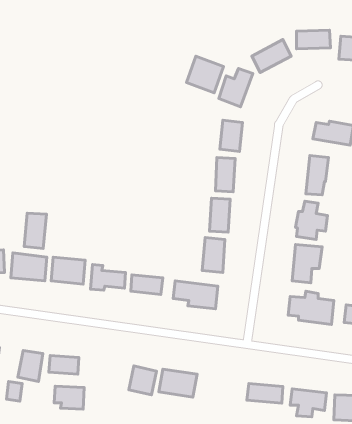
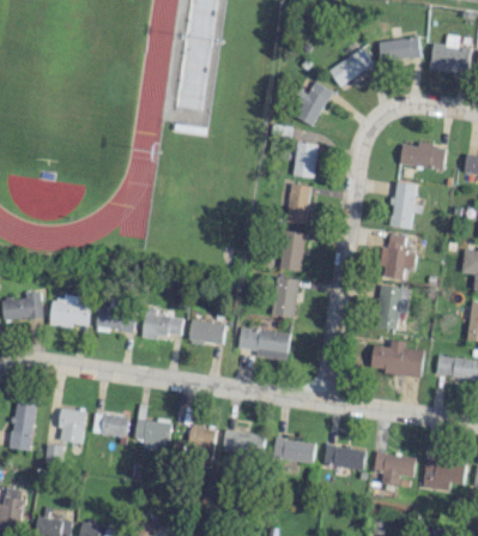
building: [187,56,223,93] -> none
building: [24,213,46,249] -> none
building: none -> [272,438,316,463]
building: [54,386,84,409] -> [137,420,171,446]

